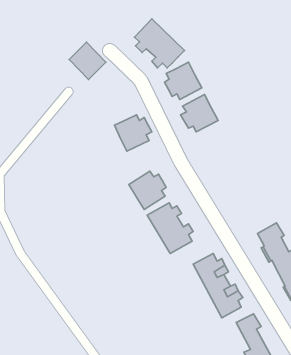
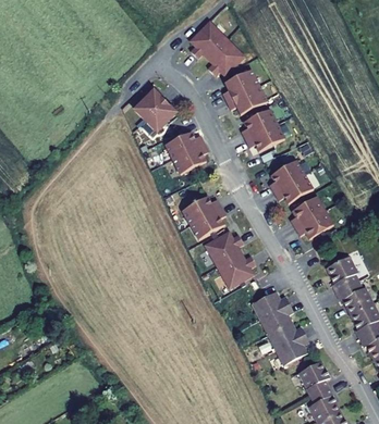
building: [69,42,106,80] -> [132,90,173,133]
building: none -> [267,161,309,204]
building: none -> [289,197,331,239]

